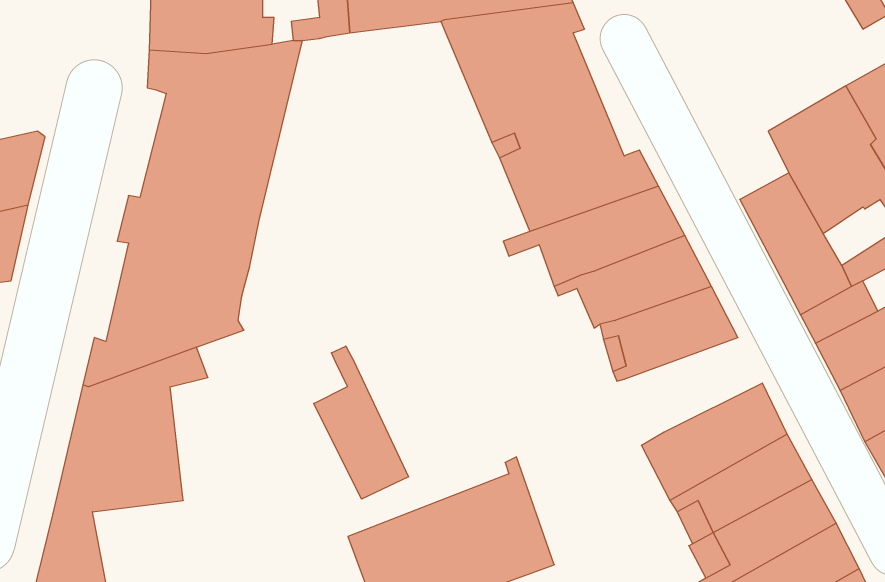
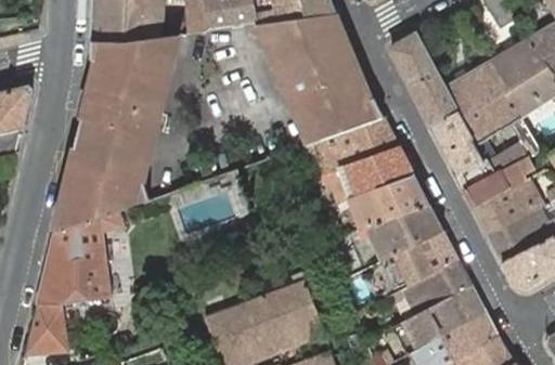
building: none -> [389,32,457,125]
building: none -> [363,204,442,258]
building: [314,346,409,499] -> none

